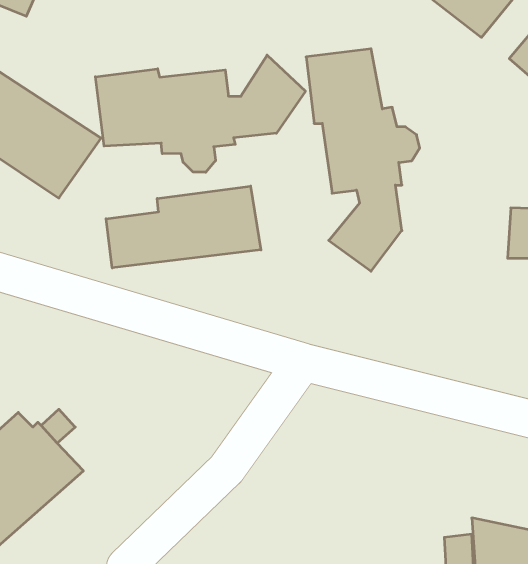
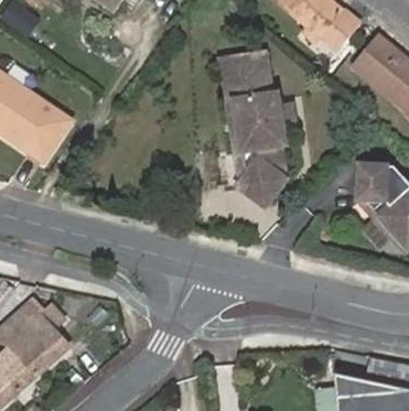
building: [95,55,305,172] -> none
building: [106,186,261,268] -> none

